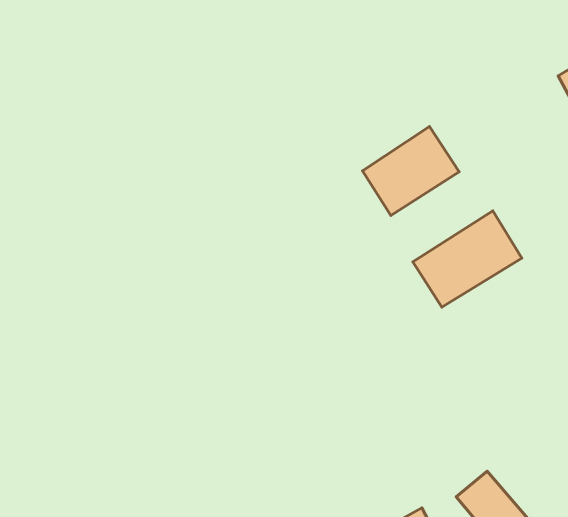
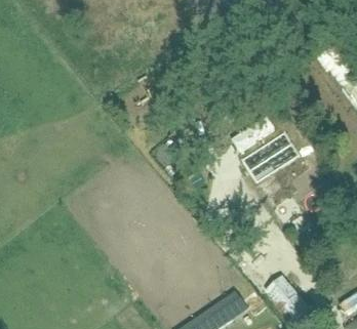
building: [363,126,459,215] -> none

